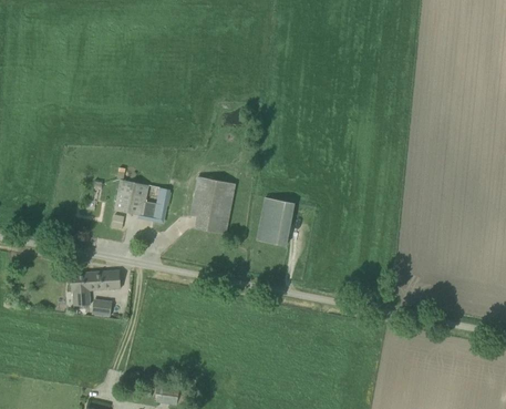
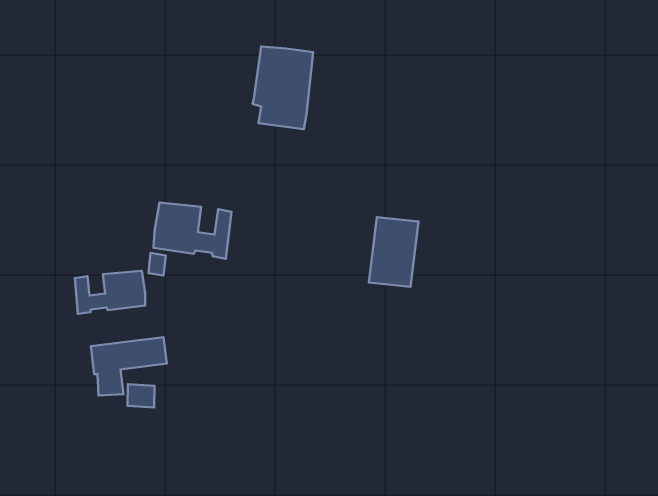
building: [192,176,234,233] -> [253,47,313,129]
building: none -> [75,271,145,314]

